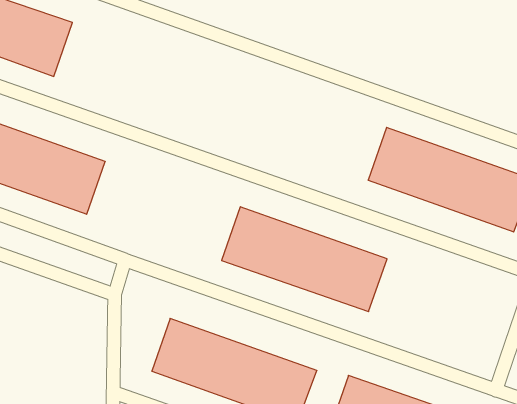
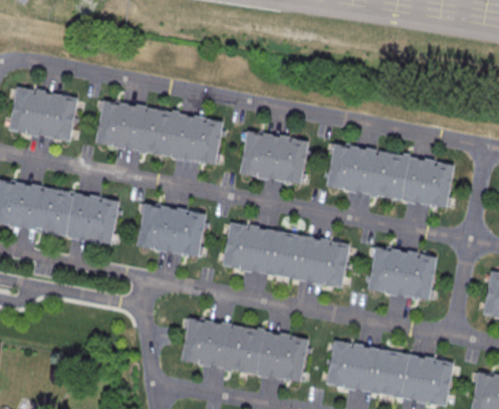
building: none -> [95,99,224,166]
building: none -> [240,129,309,184]
building: none -> [137,201,207,256]
building: none -> [367,244,438,299]

